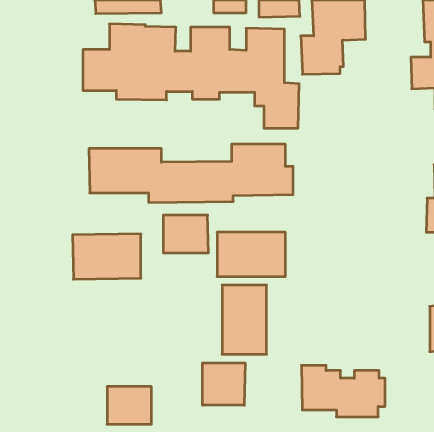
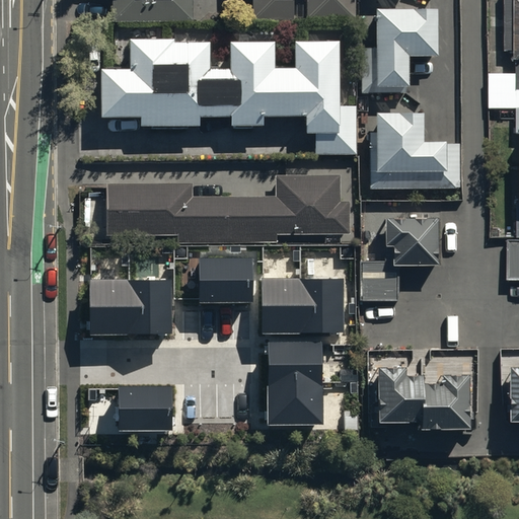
building: none -> [371,107,461,187]
building: none -> [361,215,438,299]
building: [203,363,245,405] -> none
building: [301,365,385,417] -> [375,369,474,430]
building: [107,387,151,424] -> [119,387,171,432]

